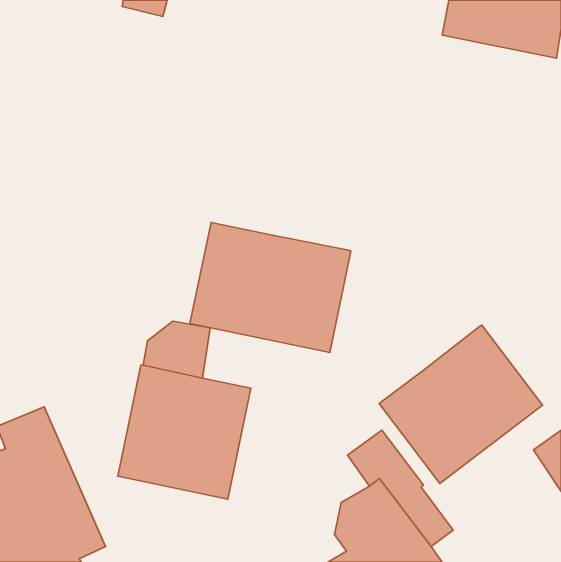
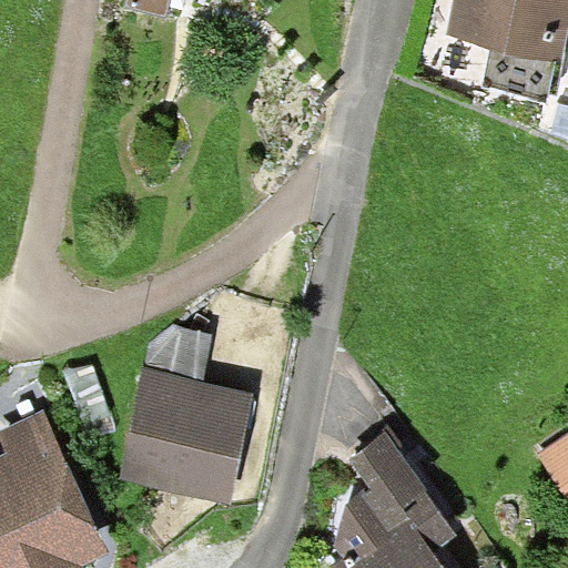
building: [190,222,351,352] -> none
building: [379,325,543,483] -> none

